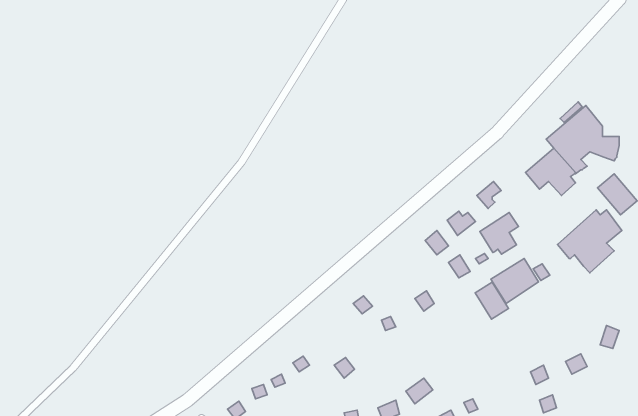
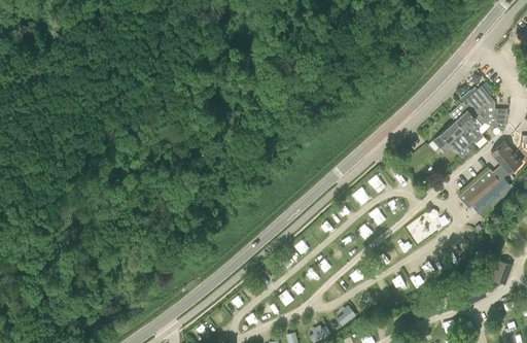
building: [480,213,518,254] -> none
building: [475,282,508,319] -> none

